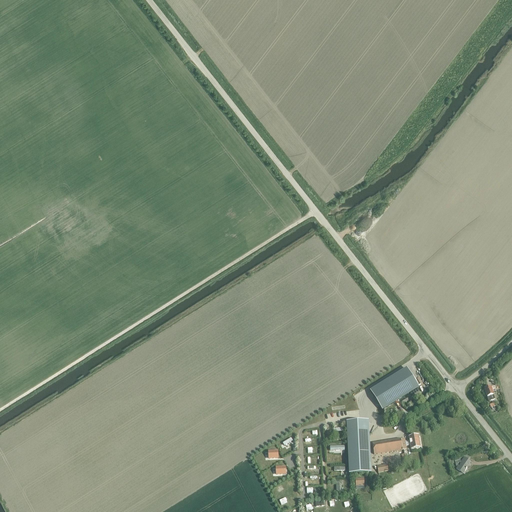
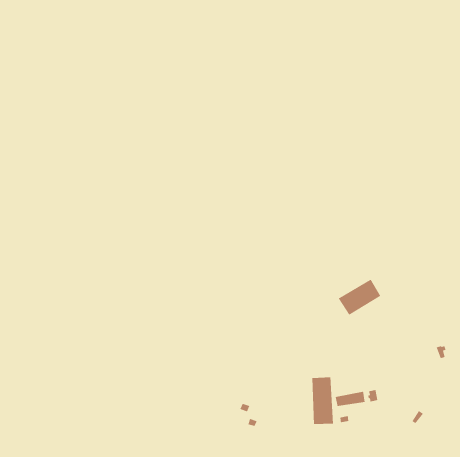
building: [370,366,418,407] -> [338,279,381,316]

